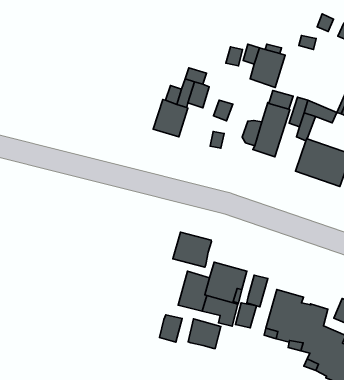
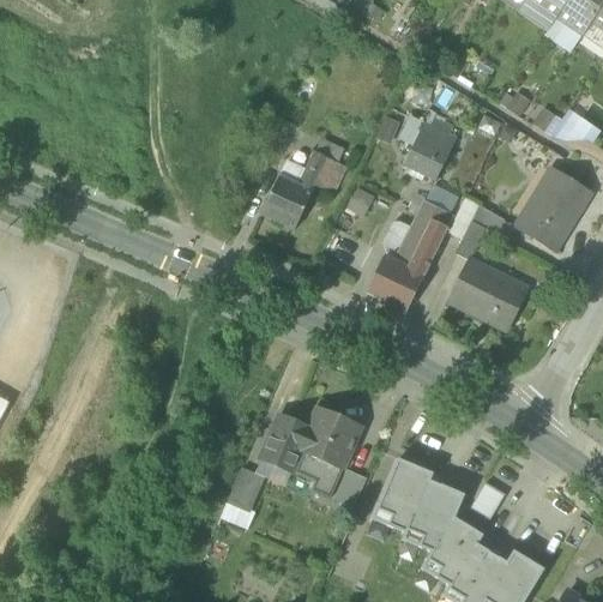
building: none -> [367,255,422,309]
building: [173,232,211,267] -> none
building: [247,275,268,307] -> none
building: [188,319,221,348] -> none

